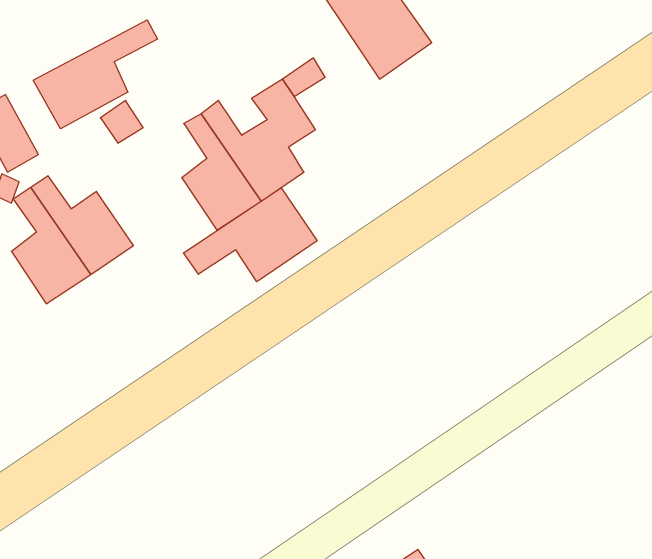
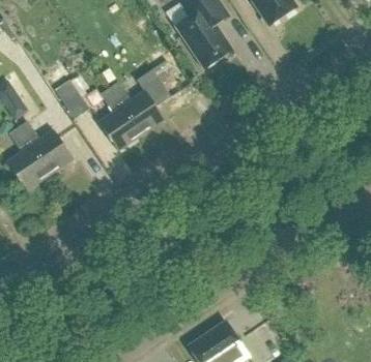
building: [33,20,158,129] -> none
building: [184,188,317,282] -> none

